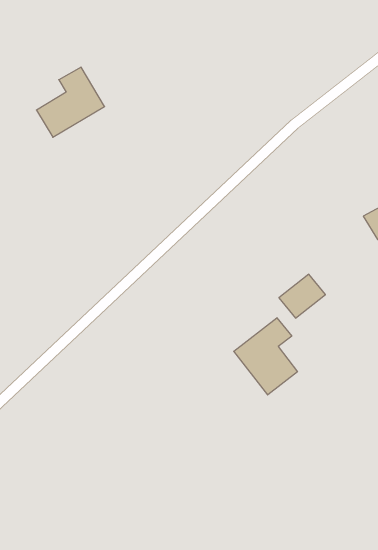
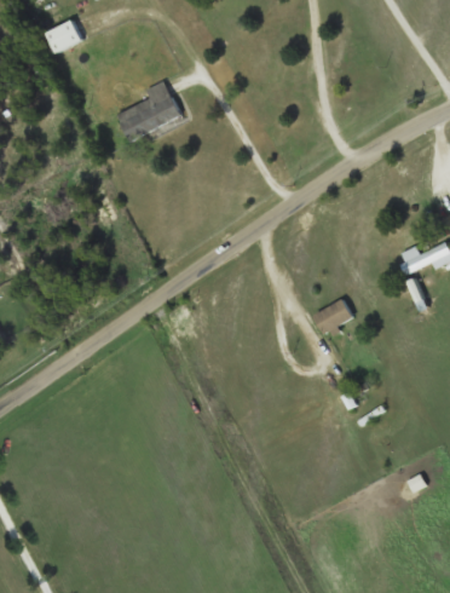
building: [234,318,297,395] -> none

